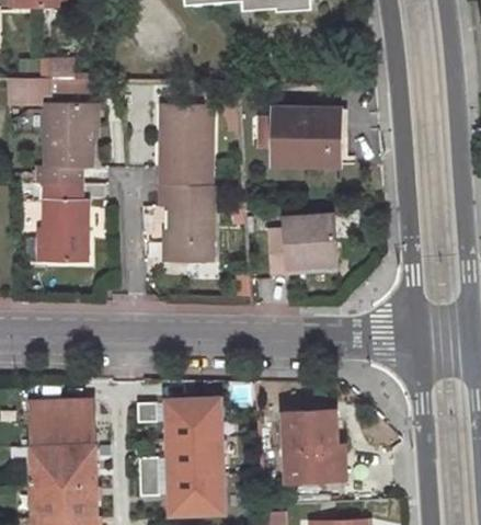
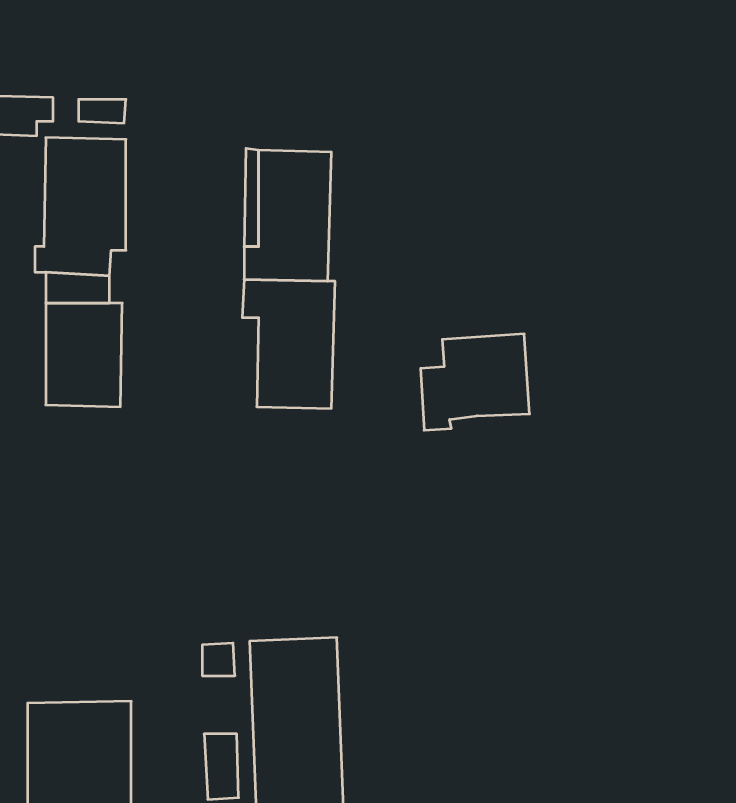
building: [274,111,342,166] -> none
building: [32,399,94,442] -> none
building: [282,411,344,482] -> none

